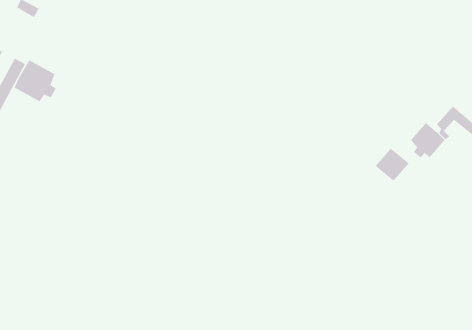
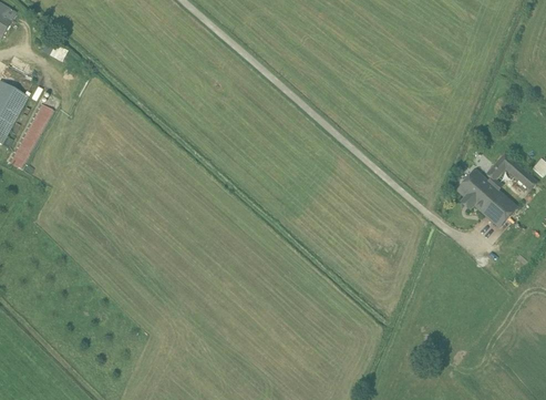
building: [14,59,57,102] -> none
building: [375,148,409,181] -> [480,191,516,226]

